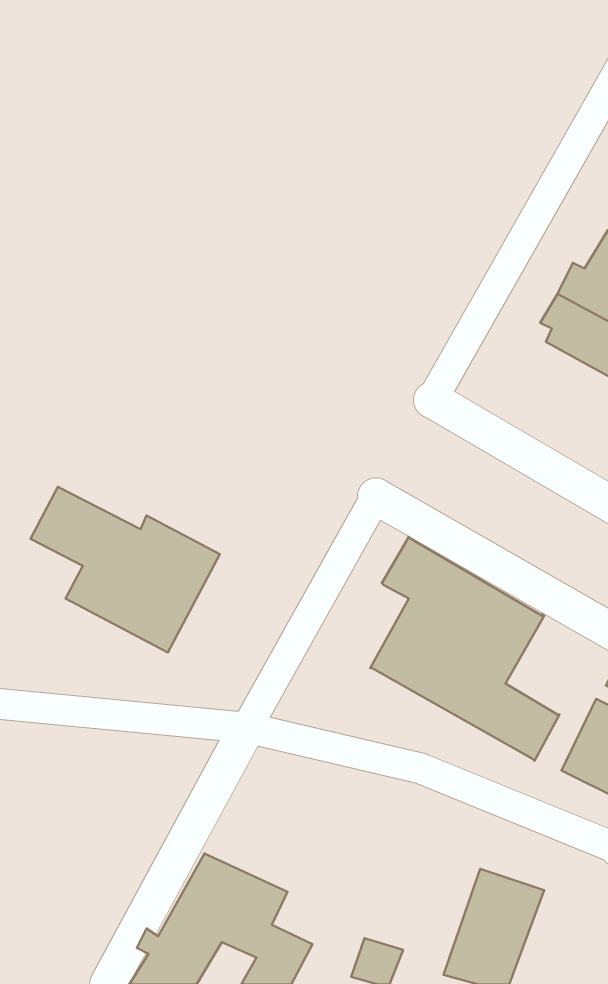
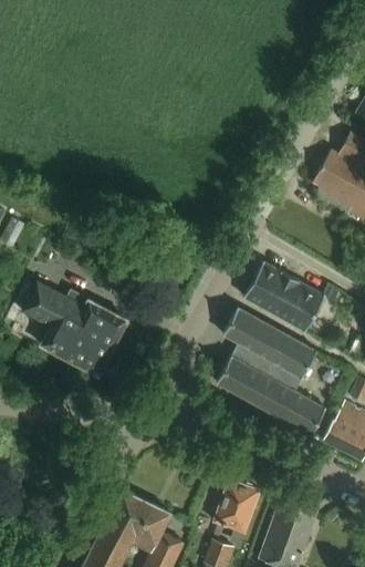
building: none -> [247,261,327,331]
building: none -> [212,478,259,545]

